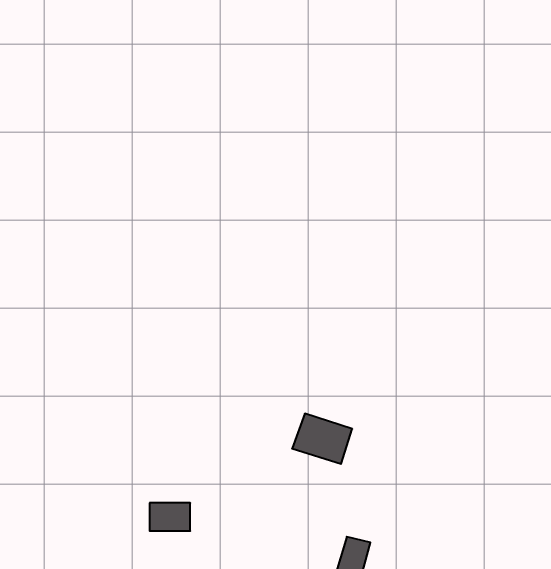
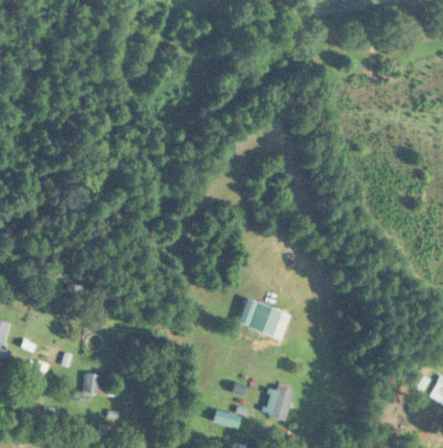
building: [150,503,190,531] -> [84,374,113,394]

